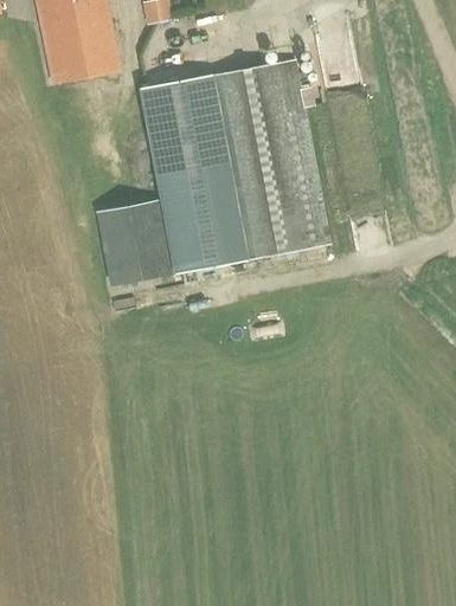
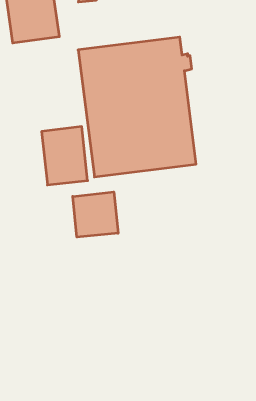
building: none -> [73,192,118,237]

